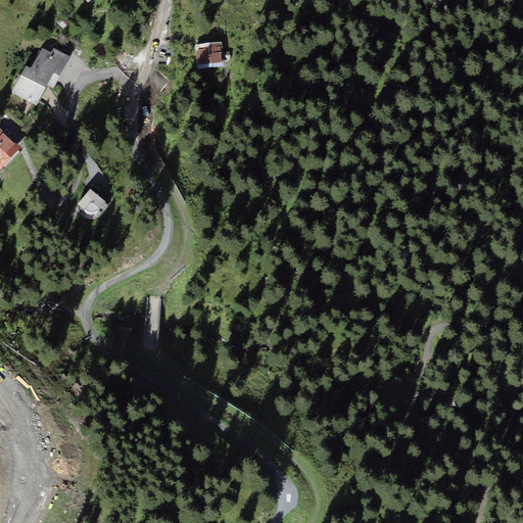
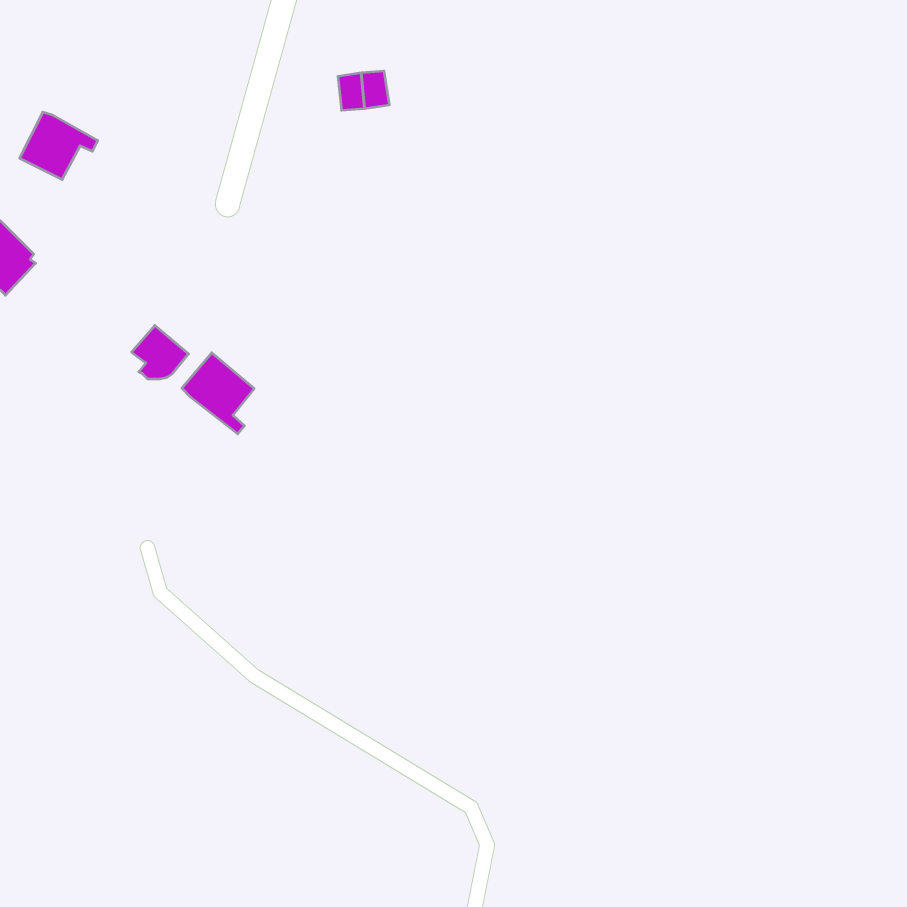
building: [31,46,69,81] -> none
building: none -> [182,353,254,434]

